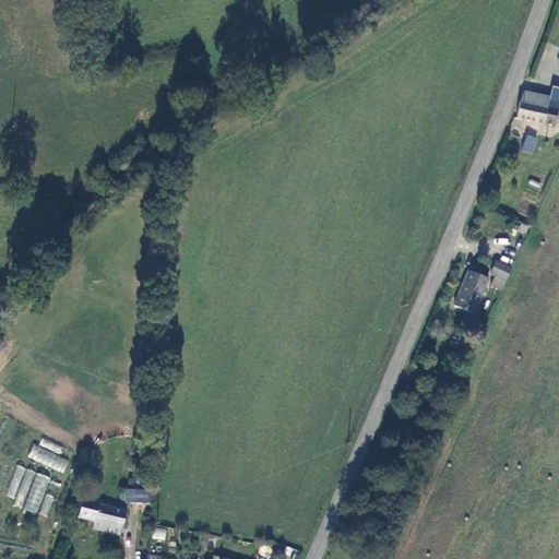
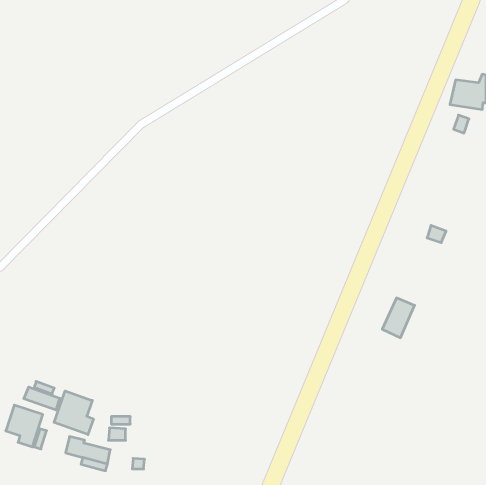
building: [452,267,489,313] -> [382,298,415,338]
building: none -> [54,391,93,435]

